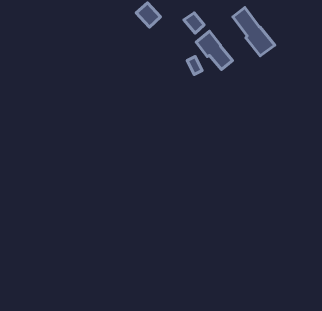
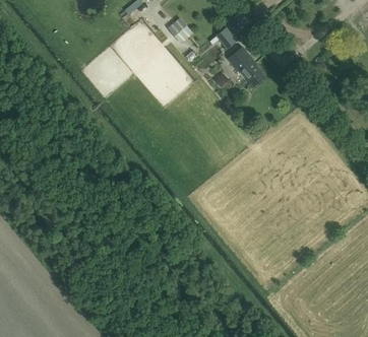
building: [233,8,275,56] -> none

